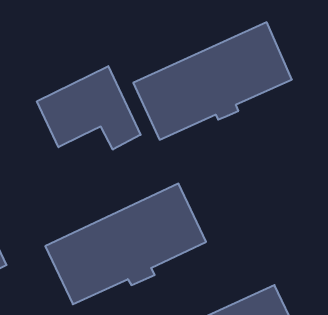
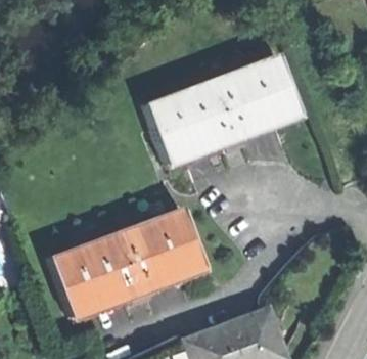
building: [37,66,141,150] -> none

